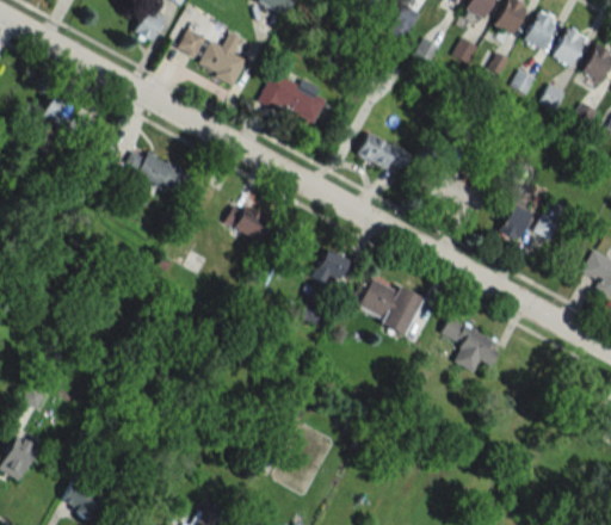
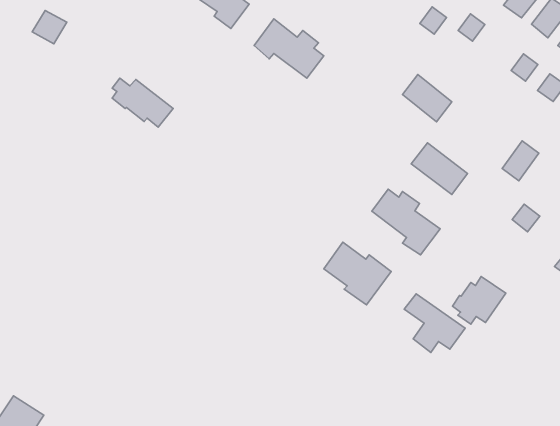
building: [358,131,407,174] -> [403,75,452,122]
building: [226,202,273,243] -> none
building: [499,204,532,243] -> [502,141,539,181]
building: none -> [372,189,440,255]
building: [313,248,348,288] -> none
building: none -> [452,276,506,324]

